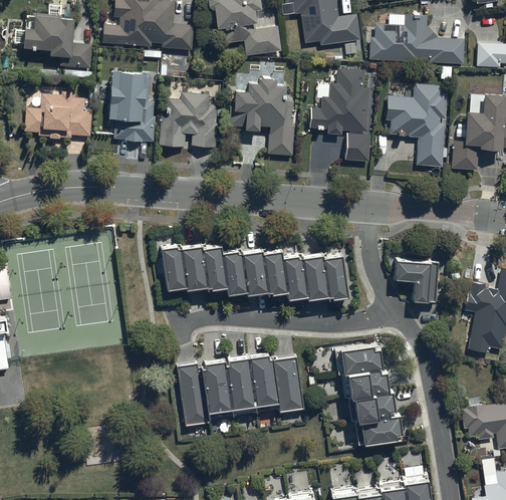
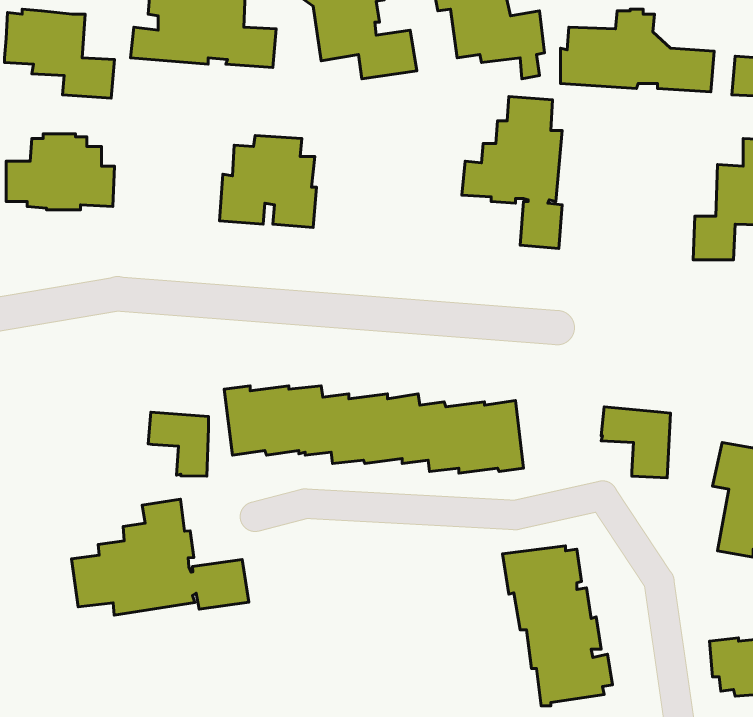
building: [108,68,156,142] -> none
building: [228,75,294,156] -> none
building: [386,84,447,168] -> none
building: none -> [148,412,209,476]
building: none -> [71,499,249,615]
building: [177,351,303,425] -> none

